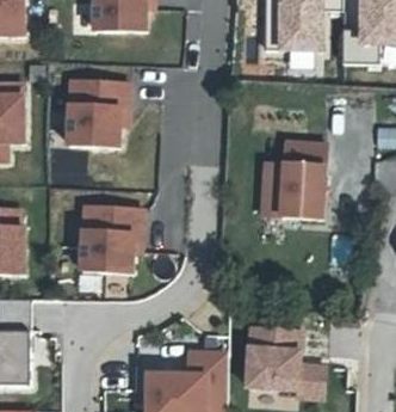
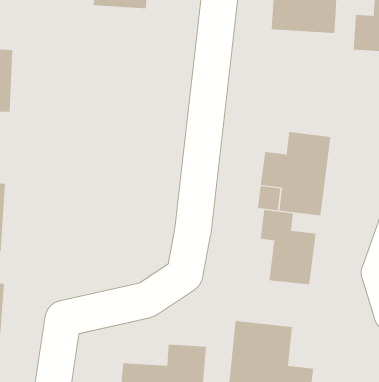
building: [69,84,130,149] -> none
building: [83,209,144,276] -> none
building: none -> [260,209,316,285]

